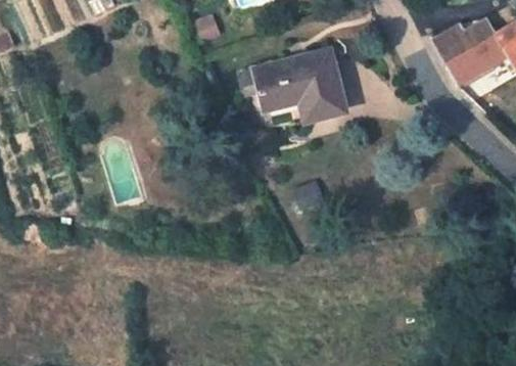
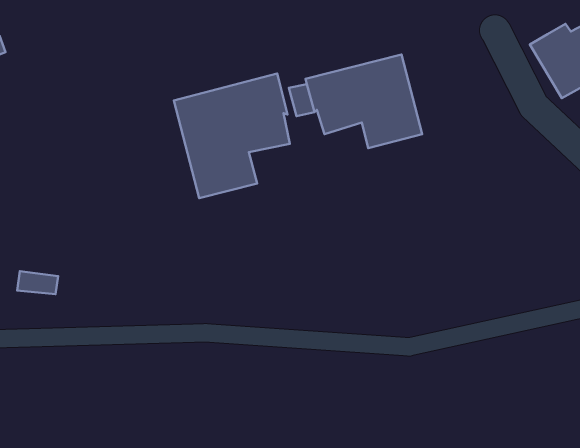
building: none -> [174,73,290,198]

